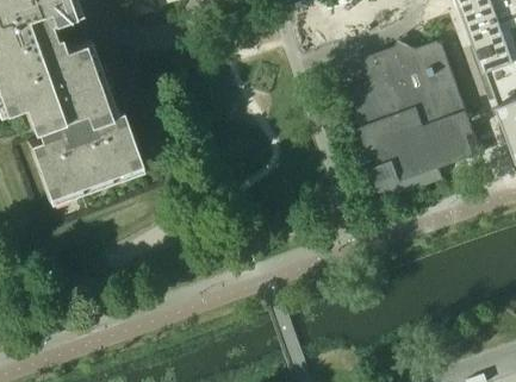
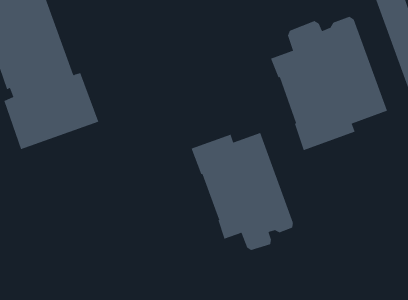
building: none -> [191,132,293,251]

